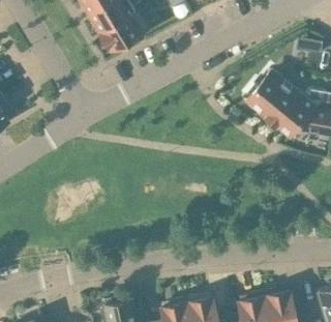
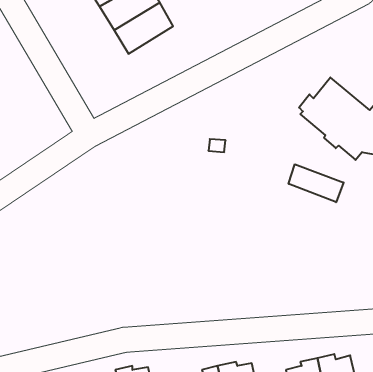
building: none -> [289,164,344,202]

